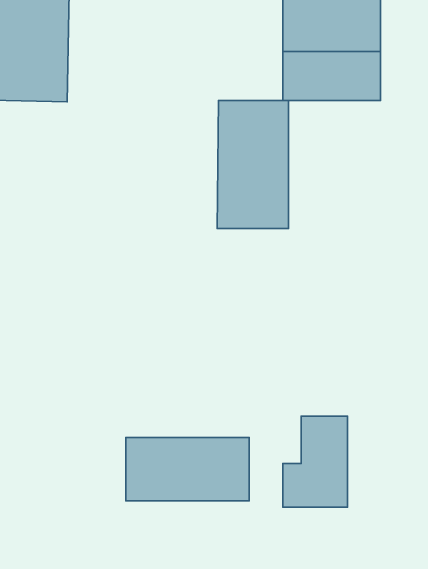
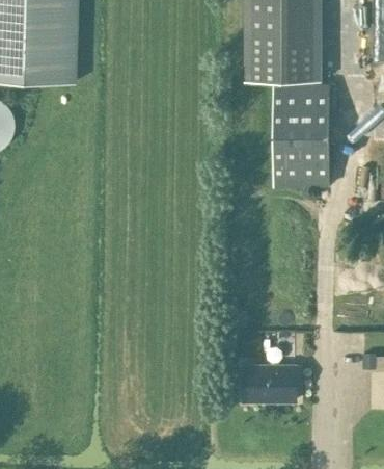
building: [217,100,289,228] -> [273,85,329,186]
building: [126,438,249,501] -> none

